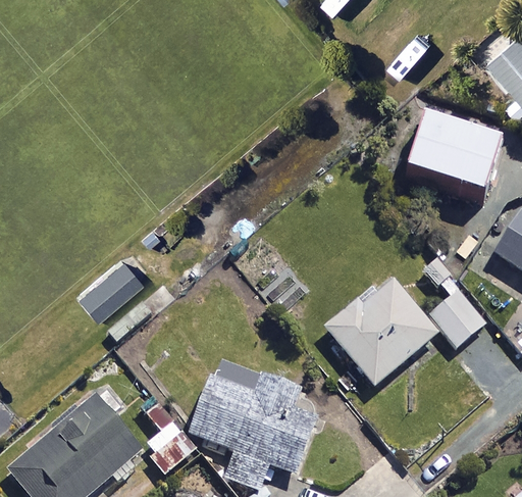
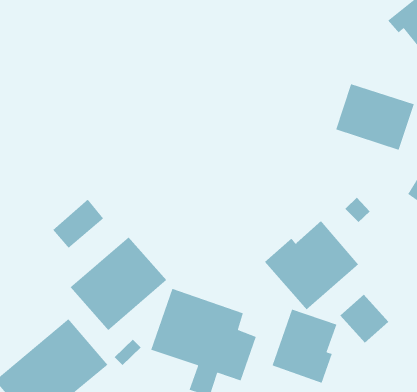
building: [428,287,486,345] -> [340,294,389,343]
building: none -> [70,236,167,331]
building: none -> [271,308,338,384]

